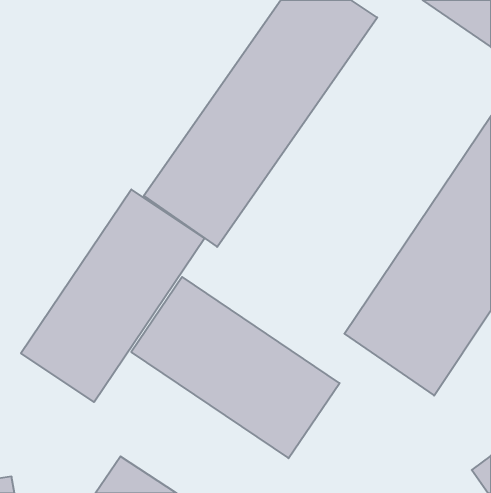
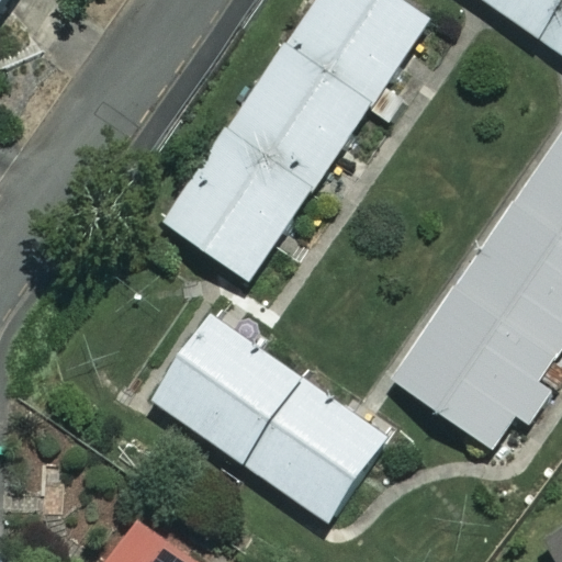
building: [21,189,204,402] -> none

